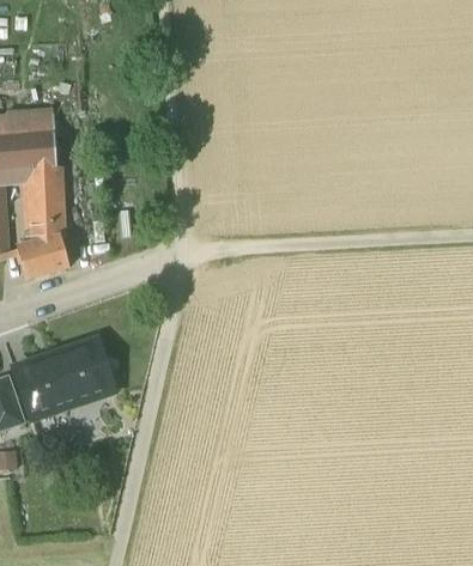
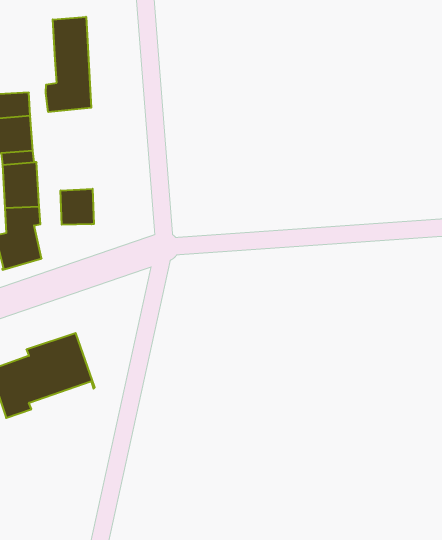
building: none -> [46,17,91,112]
building: none -> [61,189,94,225]

